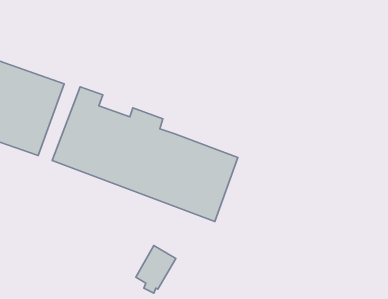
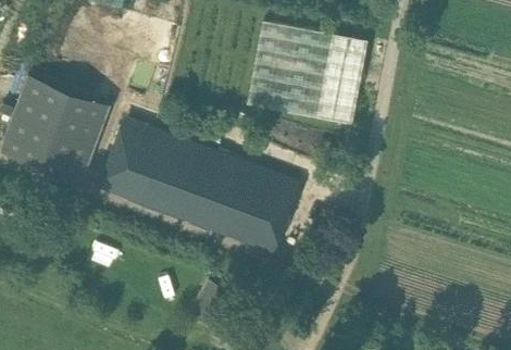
building: none -> [246,22,367,126]

